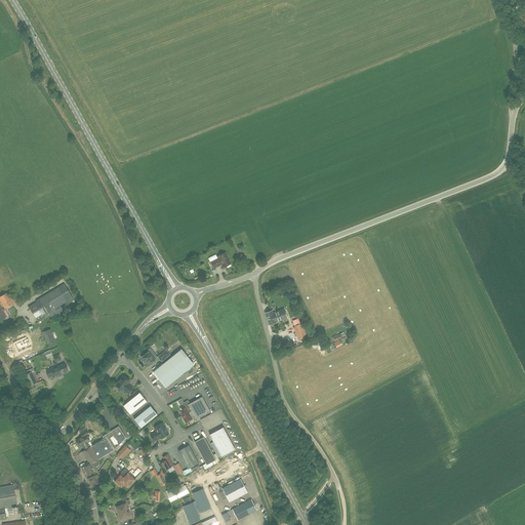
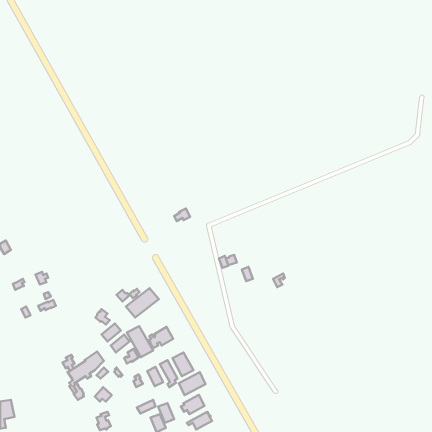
building: [29,283,74,321] -> none
building: none -> [127,326,153,357]
building: none -> [179,372,206,395]

